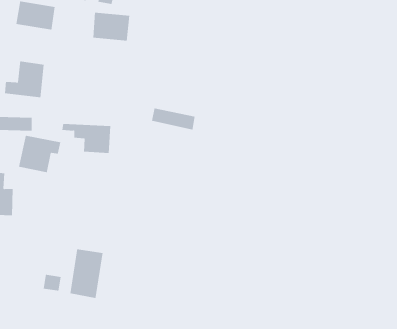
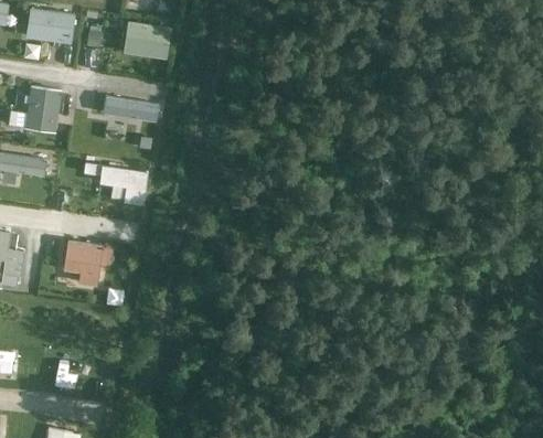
building: [151,108,196,130] -> [102,96,159,125]
building: [18,135,61,173] -> [58,241,114,289]
building: [70,249,103,299] -> none

